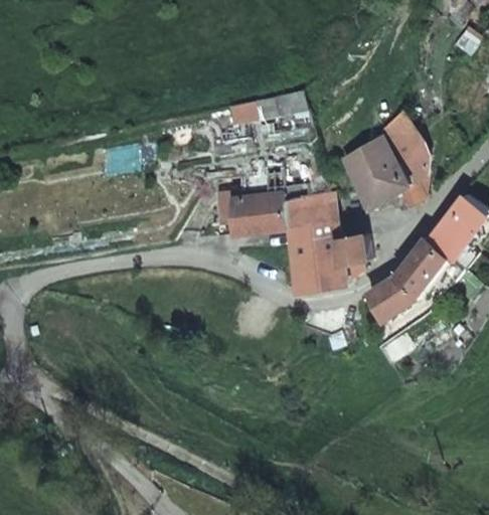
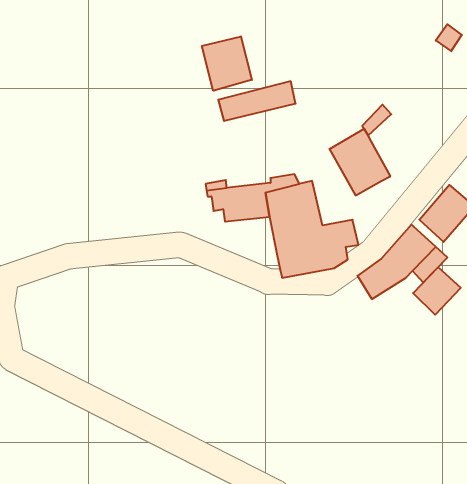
building: none -> [202,36,252,91]
building: [386,141,426,206] -> none
building: none -> [413,267,461,315]

